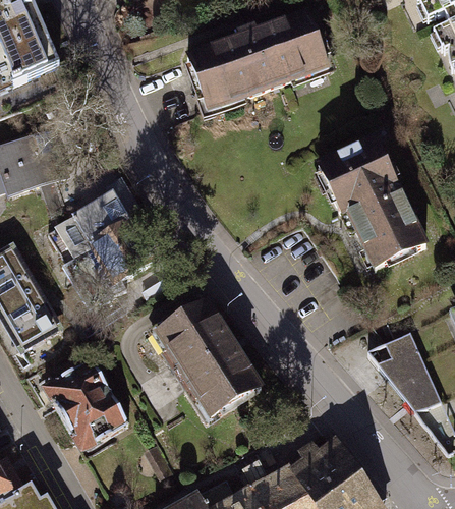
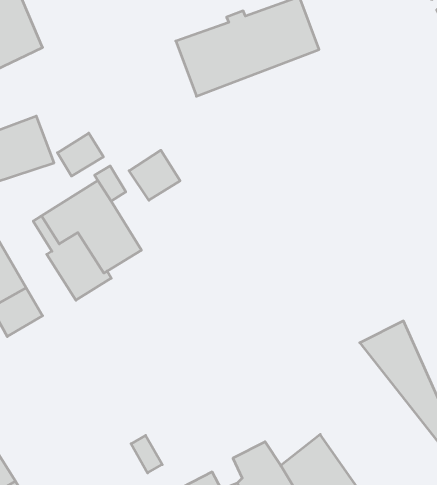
building: [318,138,425,270] -> none
building: none -> [57,133,103,176]
building: none -> [129,150,180,200]
building: [153,301,261,420] -> none
building: [44,359,129,452] -> none

